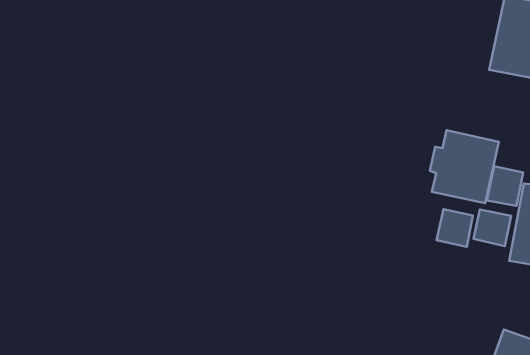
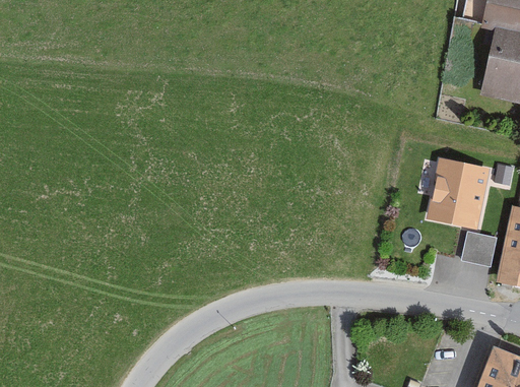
building: [487,166,523,206] -> none
building: [437,209,473,247] -> none

